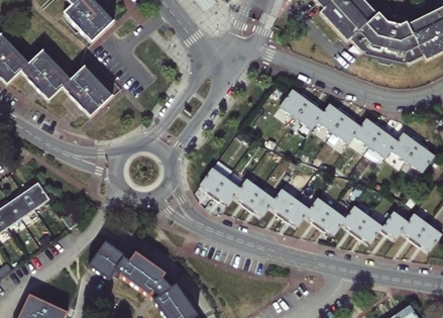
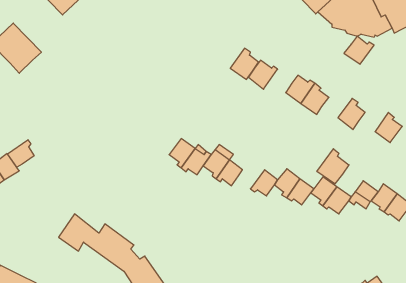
building: [63,67,113,117] -> none
building: [295,97,323,128] -> [230,48,258,79]
building: [353,117,383,145] -> [344,36,374,64]
building: [391,132,420,160] -> none
building: none -> [7,140,34,167]
building: none -> [317,149,349,184]
building: [269,188,296,217] -> none

